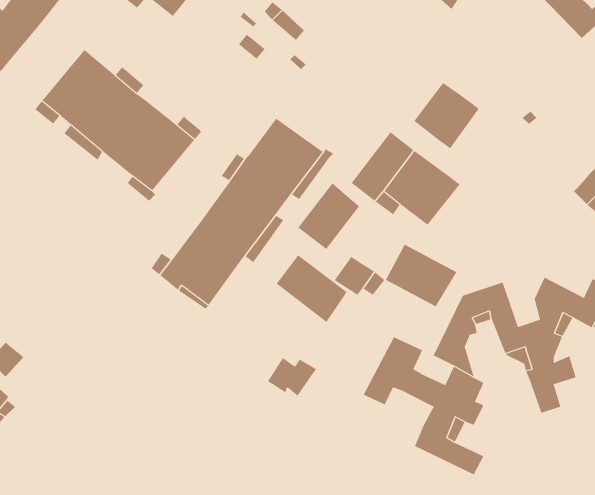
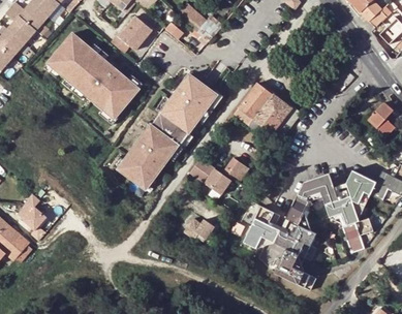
building: none -> [112,15,153,53]
building: [414,82,479,149] -> none
building: [298,182,360,250] -> none
building: [385,244,457,307] -> none

